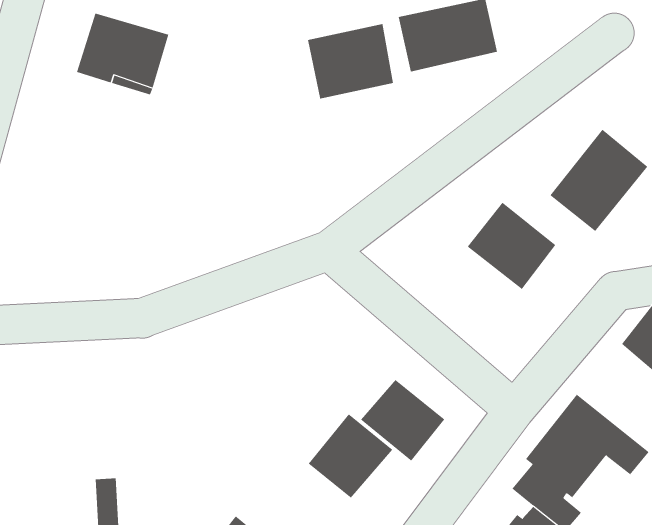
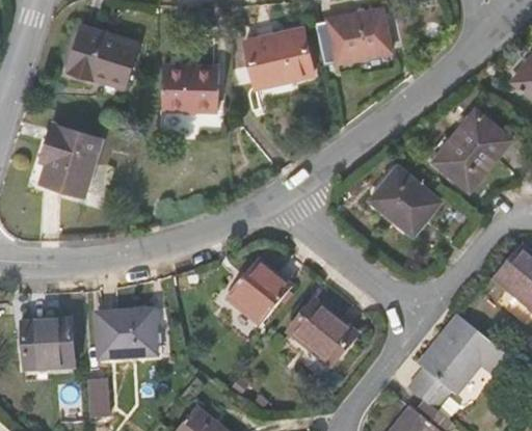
building: none -> [164,64,220,111]
building: none -> [37,118,106,191]
building: none -> [97,309,154,357]
building: none -> [20,320,72,369]
building: [308,413,393,499] -> [231,260,296,325]

